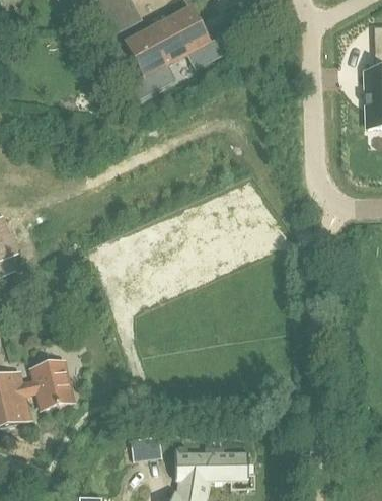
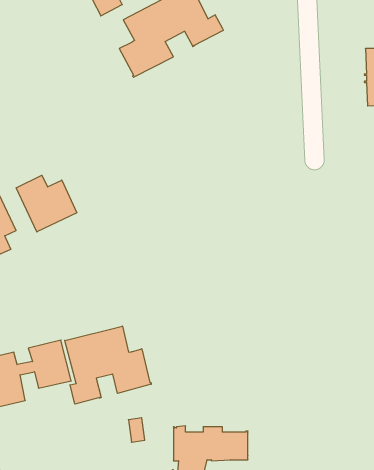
building: none -> [16,175,77,232]
building: none -> [65,326,151,404]

